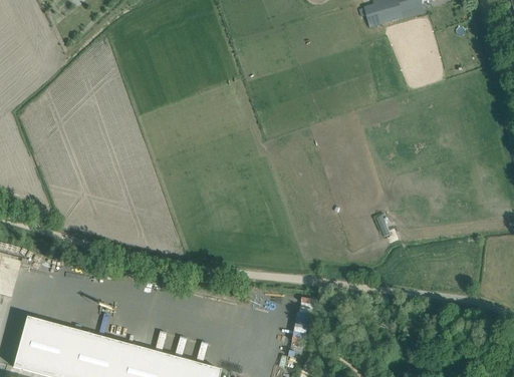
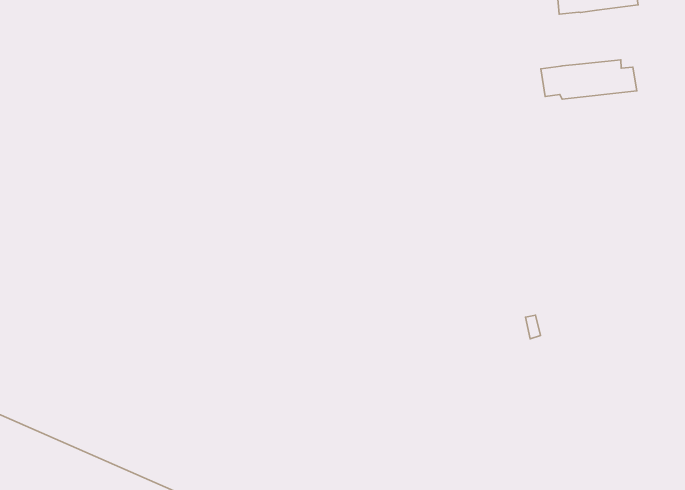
building: none -> [541,60,637,99]

